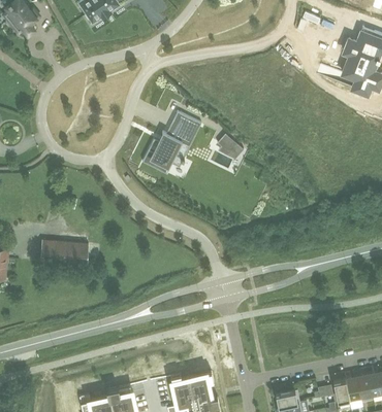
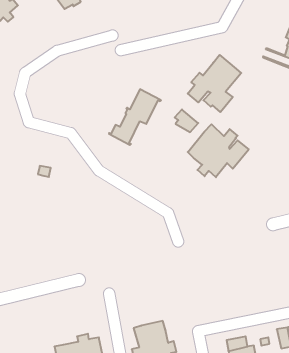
building: none -> [188,55,241,112]
building: none -> [188,124,249,177]
building: [40,242,88,267] -> none

